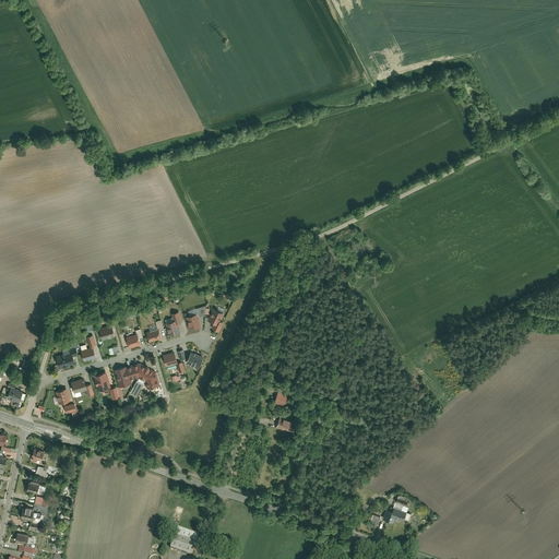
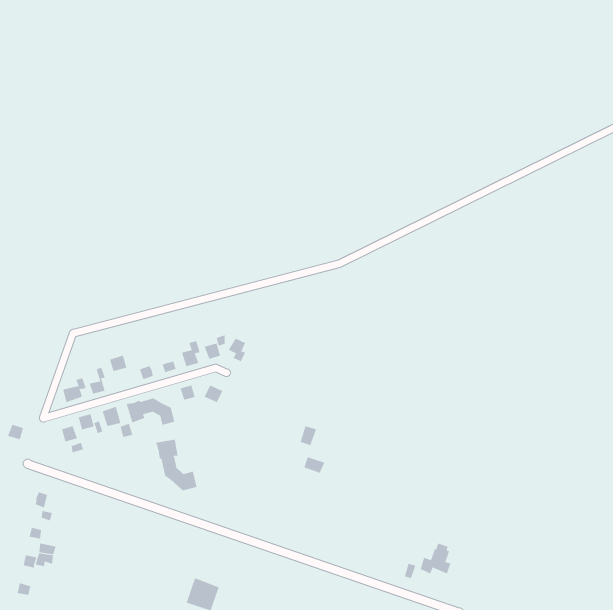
building: none -> [155,439,197,491]

